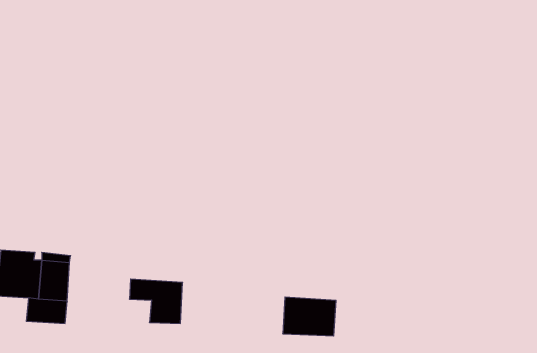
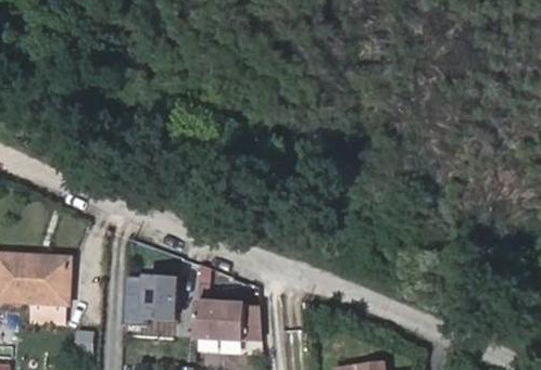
building: [283,297,336,336] -> [193,302,246,340]

